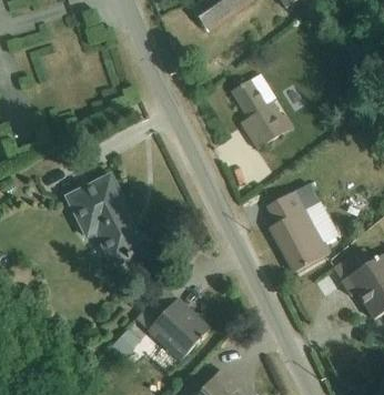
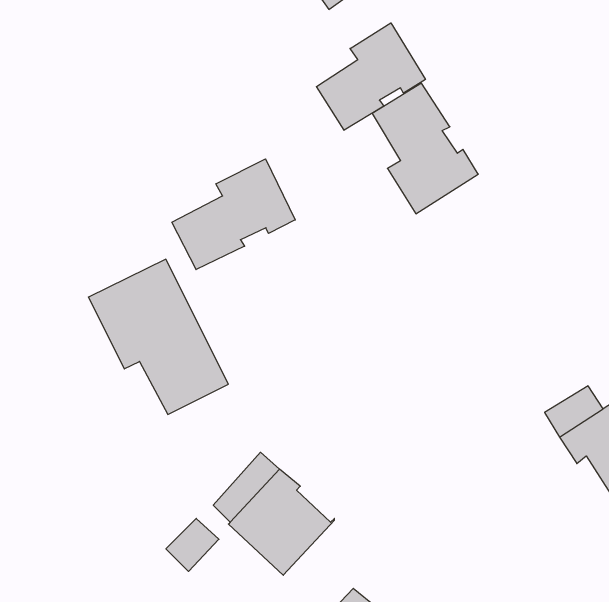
building: none -> [316,23,425,130]
building: none -> [172,159,295,270]
building: [267,180,338,272] -> none

